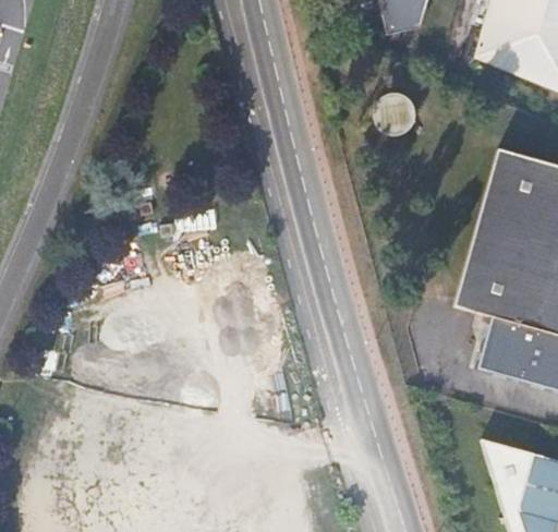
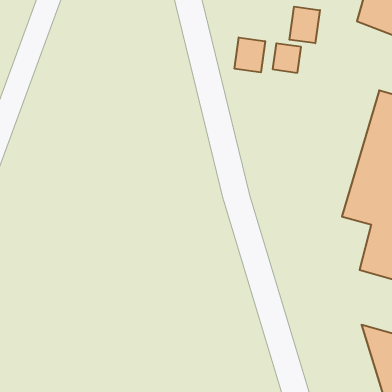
building: none -> [289,7,320,43]
building: none -> [235,37,265,72]

